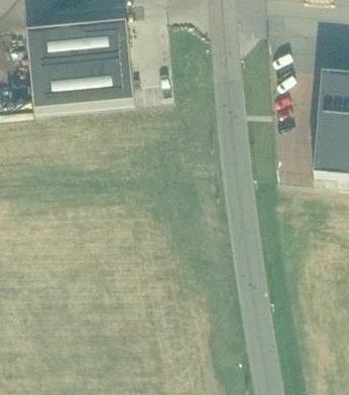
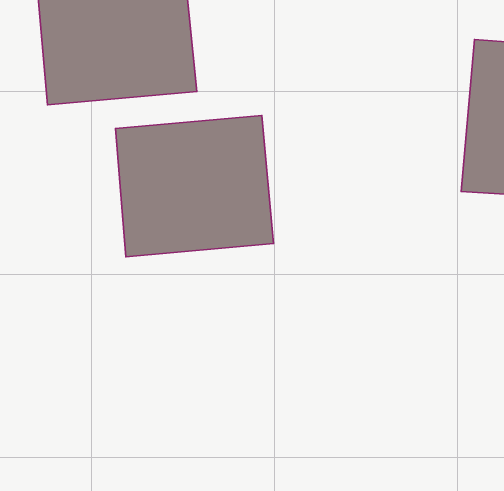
building: none -> [115,115,274,257]

